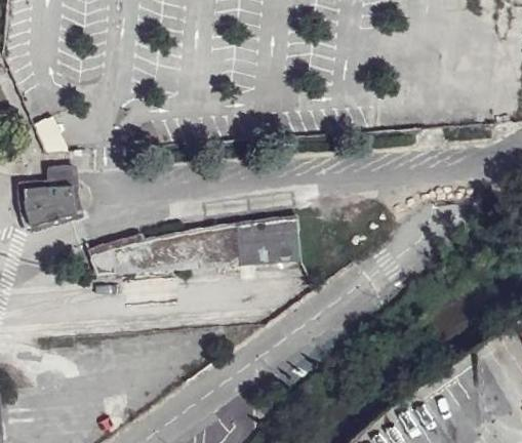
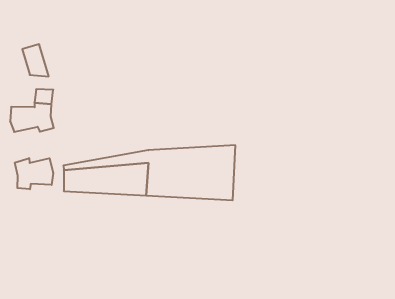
building: none -> [15,158,53,189]

